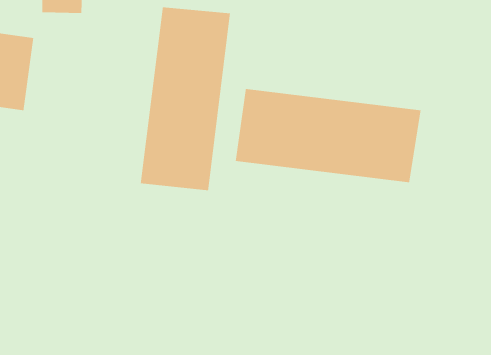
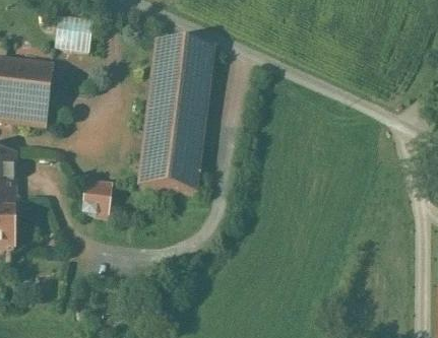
building: [235,88,421,183] -> none
building: none -> [81,178,112,213]

